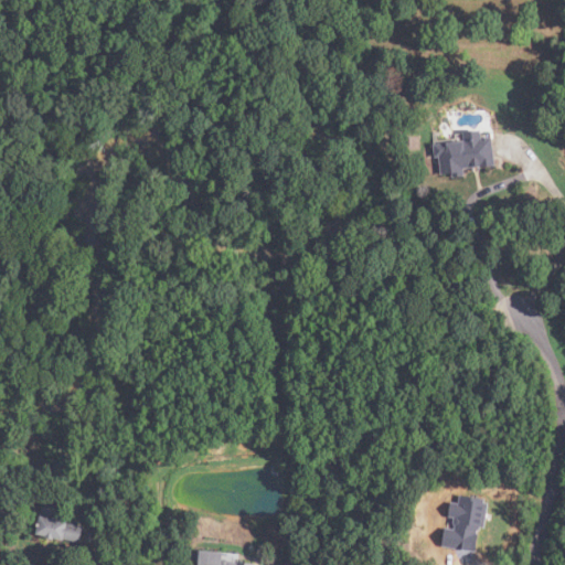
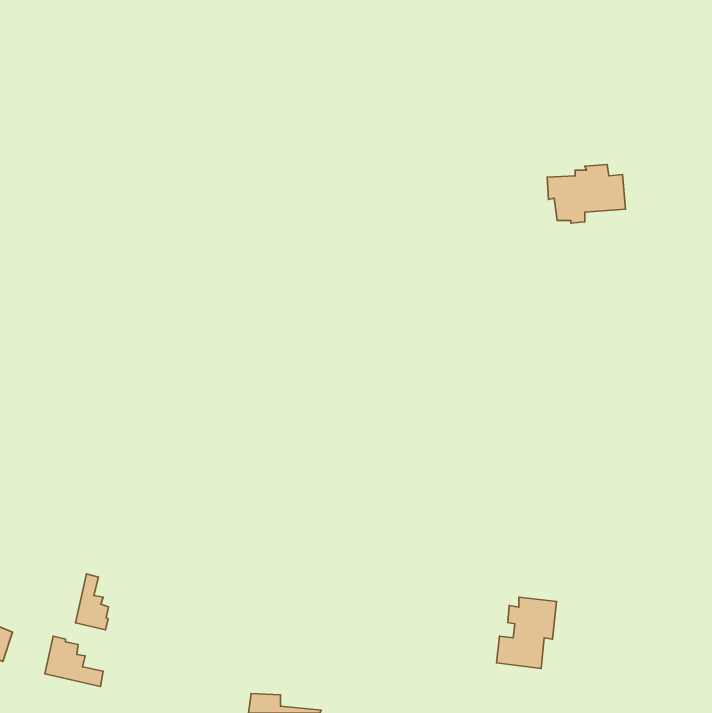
building: none -> [75,574,109,630]
building: [435,500,482,556] -> [497,597,557,668]

